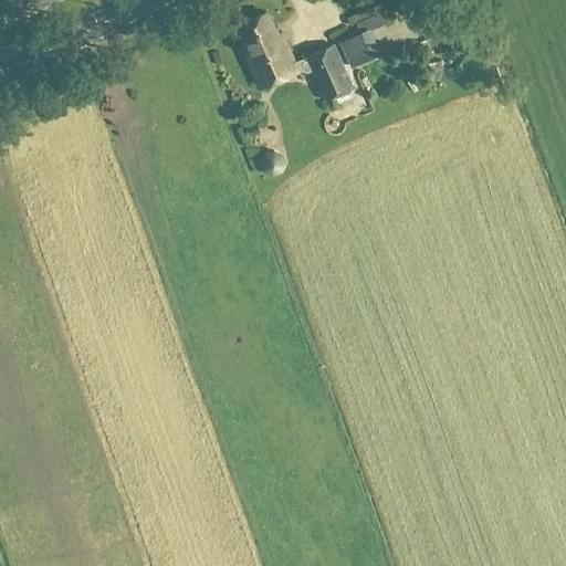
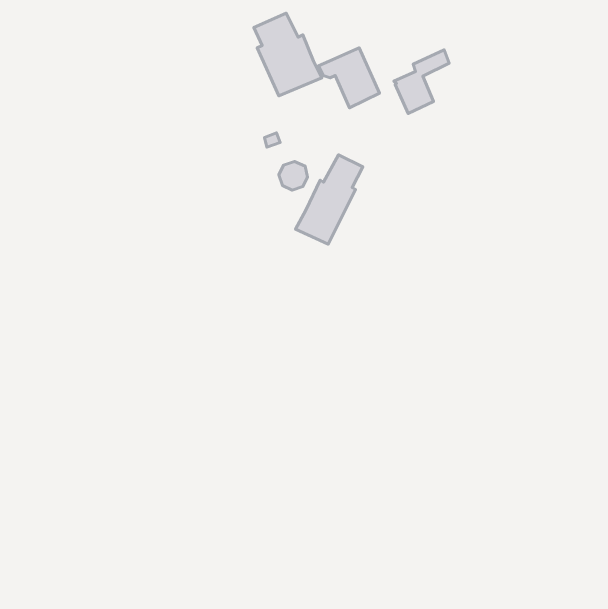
building: [339,9,390,67] -> [394,50,449,113]
building: none -> [296,155,363,244]

